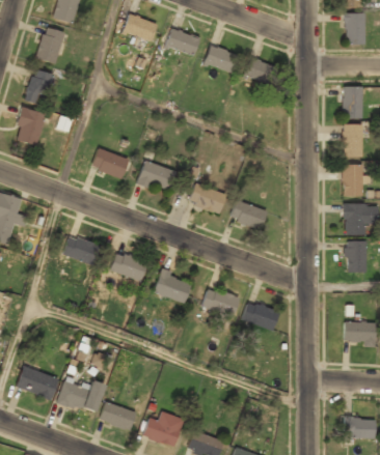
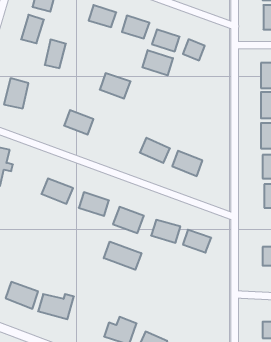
building: [26,67,53,104] -> [45,40,66,68]
building: none -> [142,50,173,75]
building: [137,161,177,193] -> [100,73,131,99]
building: none -> [104,242,141,270]
building: [100,401,136,430] -> none

